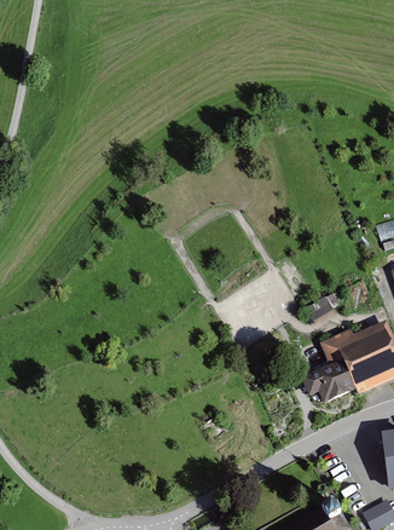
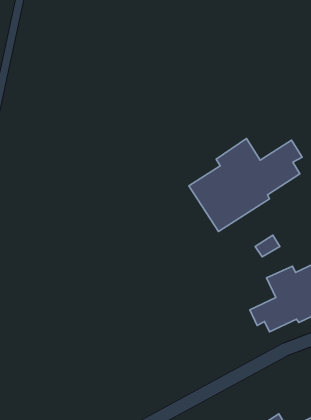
building: none -> [189,139,302,232]

